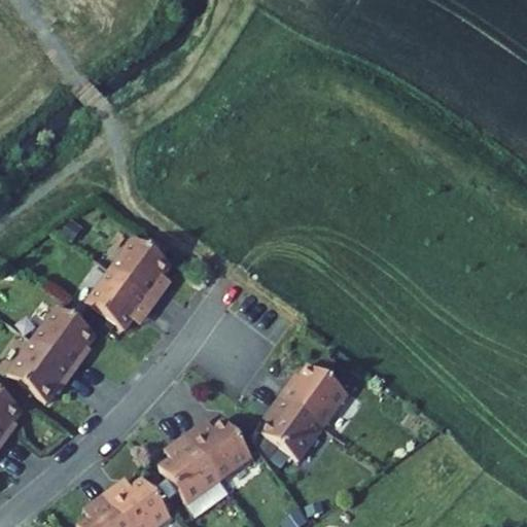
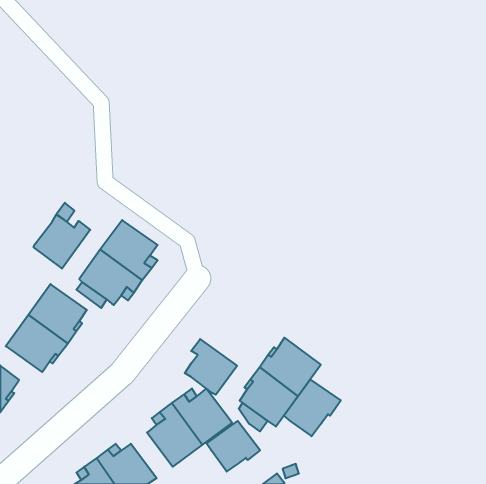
building: none -> [34,215,90,269]
building: none -> [185,339,237,395]
building: none -> [284,379,341,436]
building: none -> [207,421,260,472]

